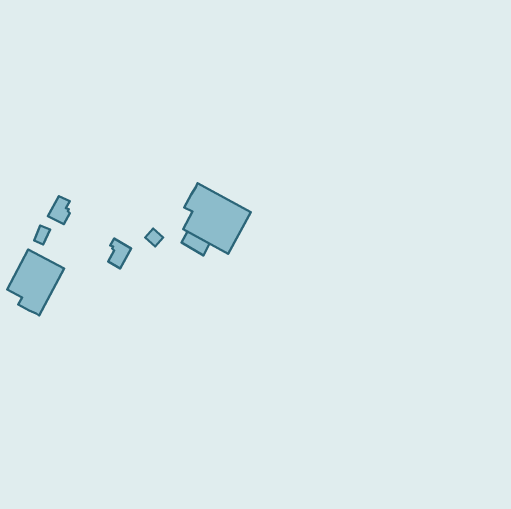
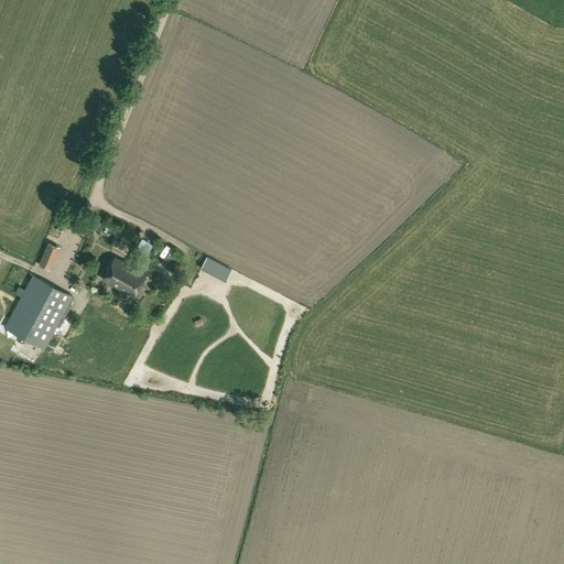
building: [183,183,251,254] -> none
building: [48,196,70,224] -> [101,260,126,291]

